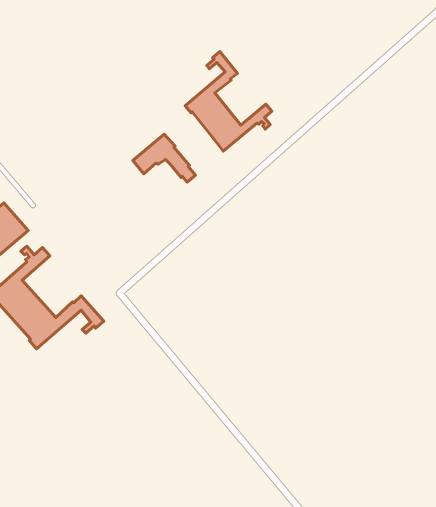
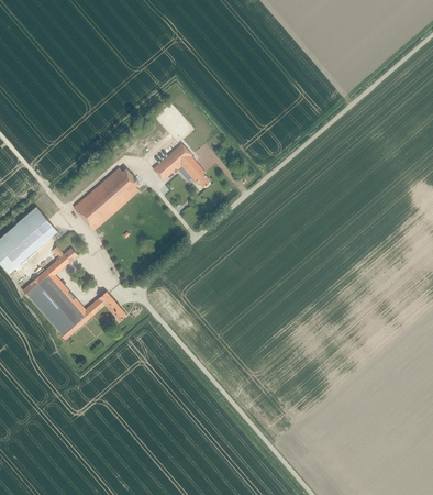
building: [185,51,272,151] -> none
building: none -> [74,166,138,229]

